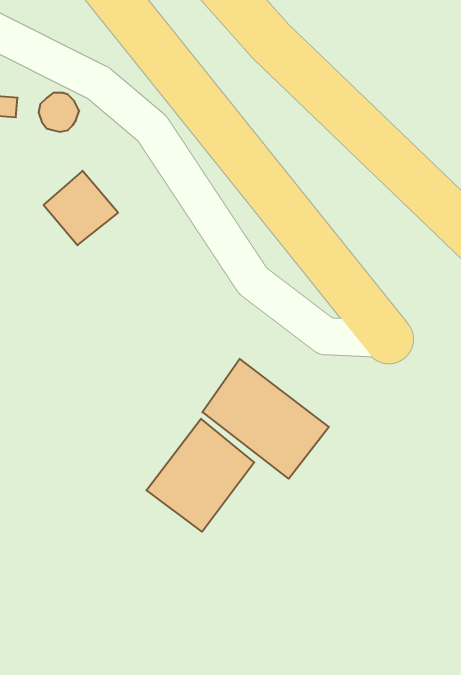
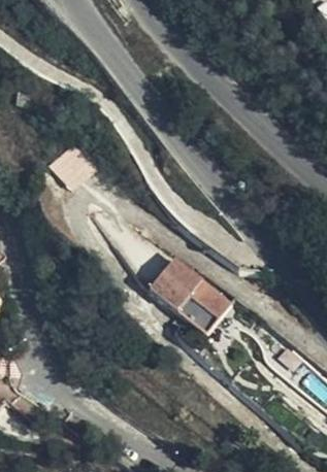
building: [146,419,254,532] -> none

